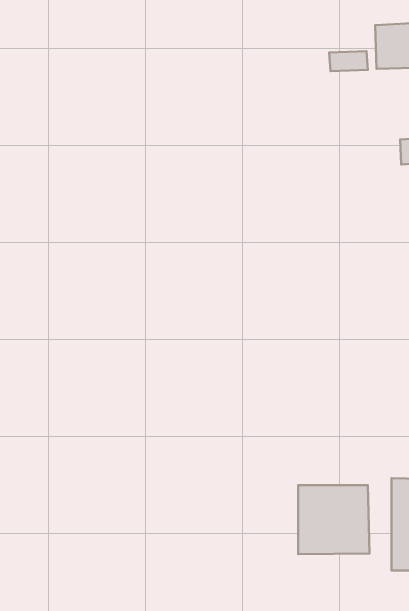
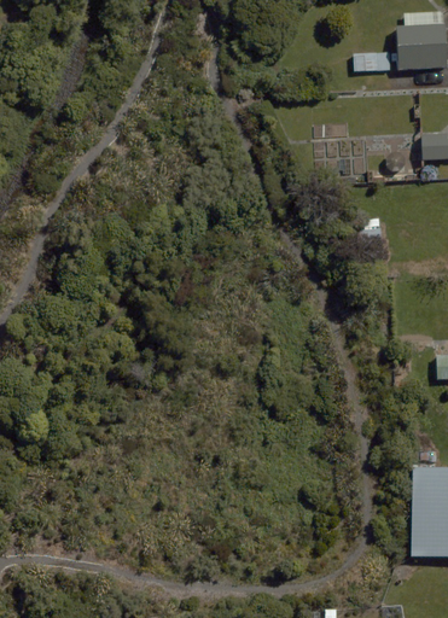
building: [298,485,369,554] -> none

